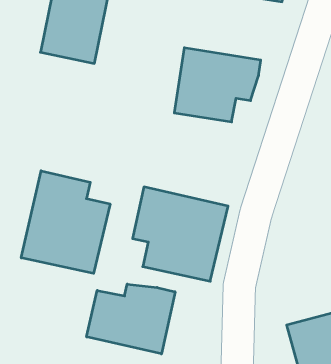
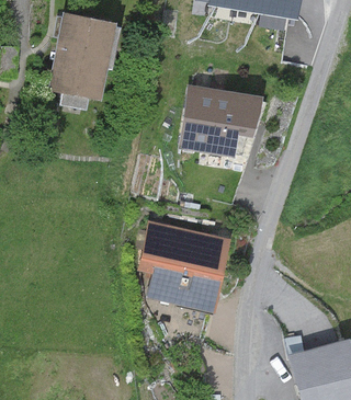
building: [21,171,110,273] -> none
building: [87,284,175,354] -> none

